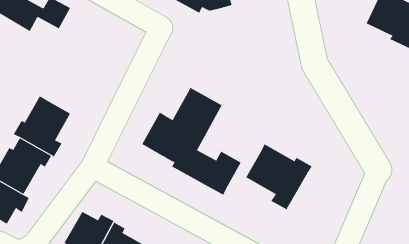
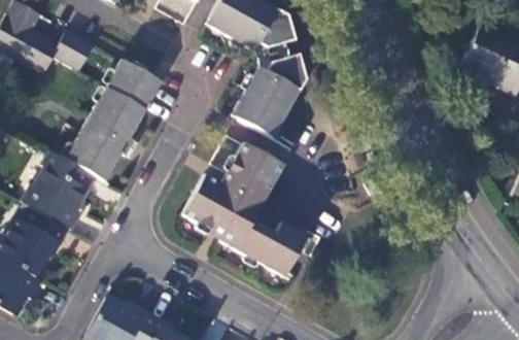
building: none -> [231,56,305,139]
building: none -> [65,60,161,182]
building: [245,143,312,210] -> none

